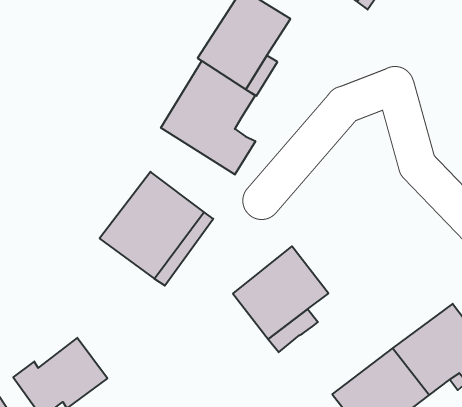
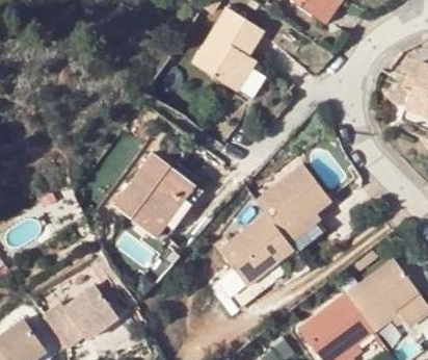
building: [161,61,255,175] -> none
building: none -> [256,162,331,251]

